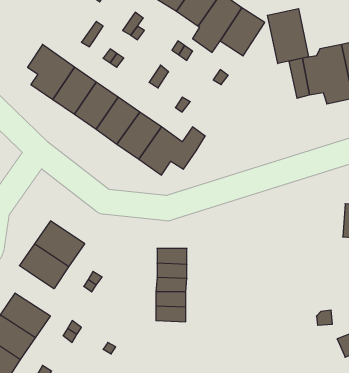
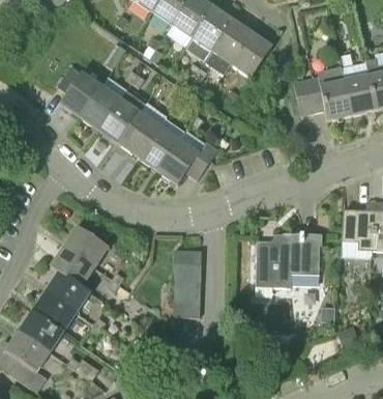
building: [267,9,309,64] -> none
building: none -> [255,234,320,296]
building: none -> [46,266,91,312]

